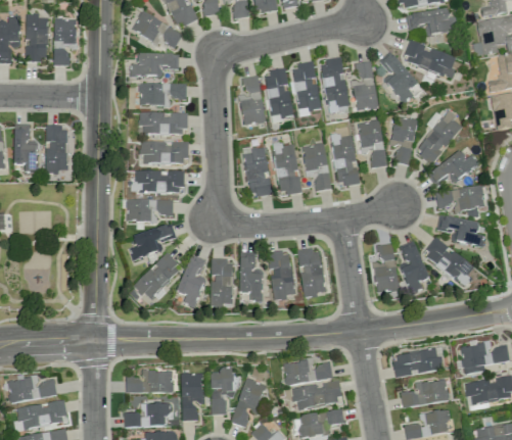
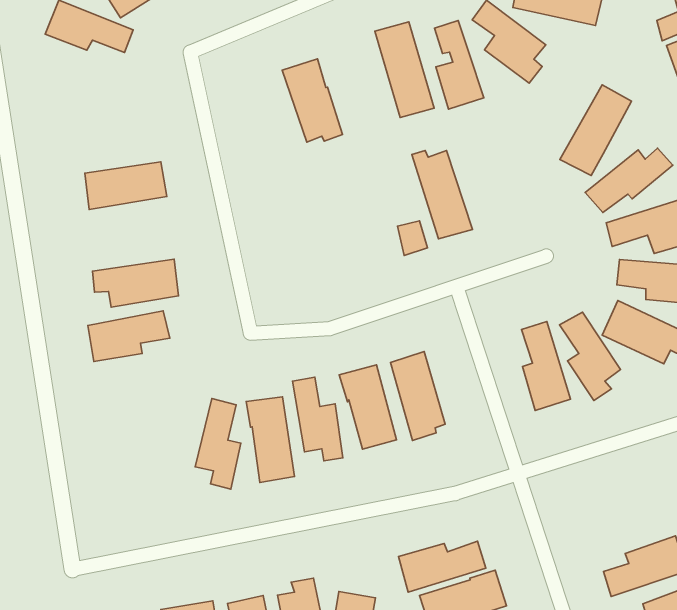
building: [132,53,179,77] -> none
building: [293,61,321,116] -> none
building: [240,76,266,126] -> none
building: [140,83,187,105] -> none
building: [391,116,417,165] -> none
building: [359,119,385,167] -> none
building: [141,141,188,163] -> none
building: [274,142,301,196] -> none
building: [301,142,328,172] -> none
building: [243,146,271,196] -> none
building: [130,225,175,260] -> none
building: [133,253,182,301] -> none
building: [393,348,443,377] -> none

